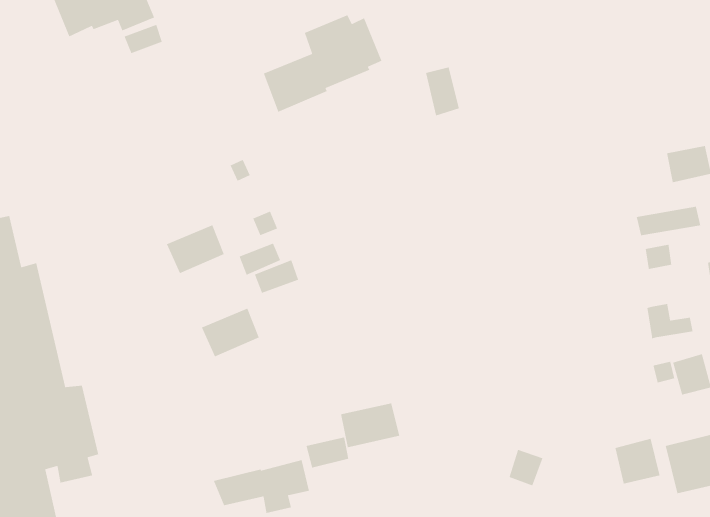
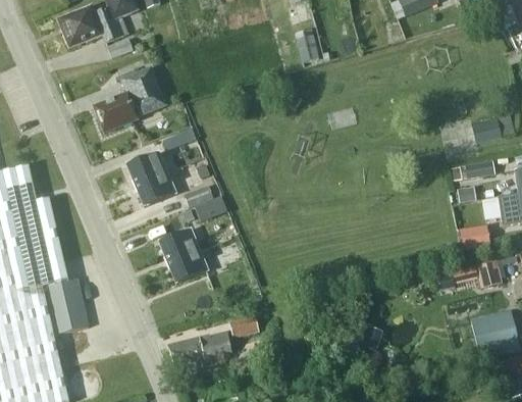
building: [263,14,383,113] -> [93,65,173,132]
building: [425,66,460,117] -> [295,28,318,61]
building: none -> [126,151,166,185]
building: none -> [167,248,207,282]
building: [340,403,400,448] -> none
building: [615,438,661,484] -> none

